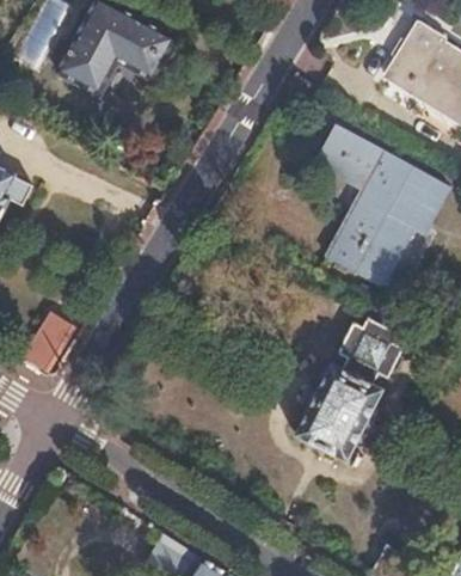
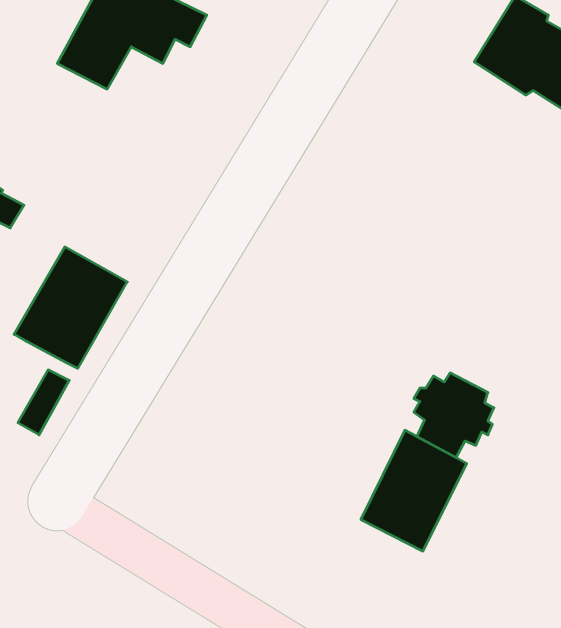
building: [315,127,448,284] -> none
building: none -> [14,247,127,368]

